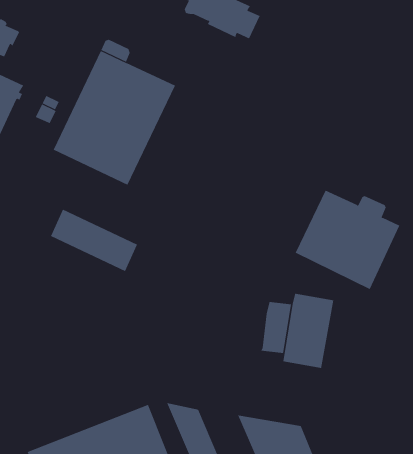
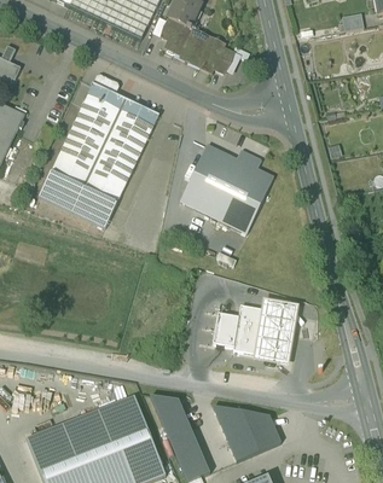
building: [295,190,400,290] -> [180,144,273,232]
building: [50,209,138,272] -> [39,170,116,226]
building: none -> [213,312,238,345]

